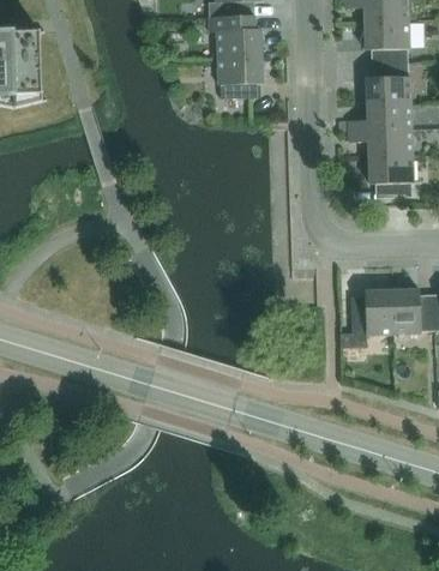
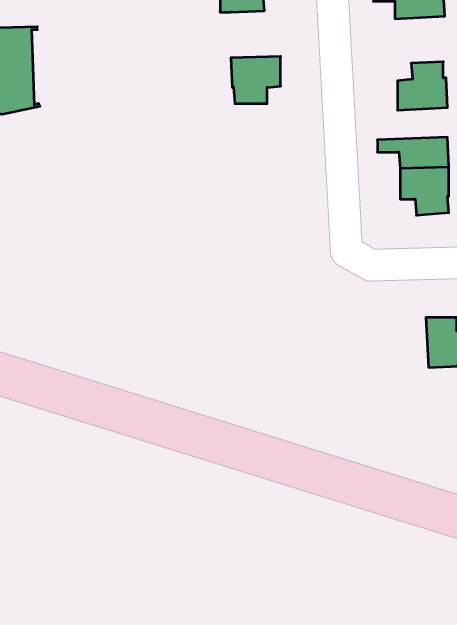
building: [208,14,261,56] -> none
building: [363,19,408,61] -> none
building: [348,101,410,130] -> none
building: [339,288,393,347] -> none

